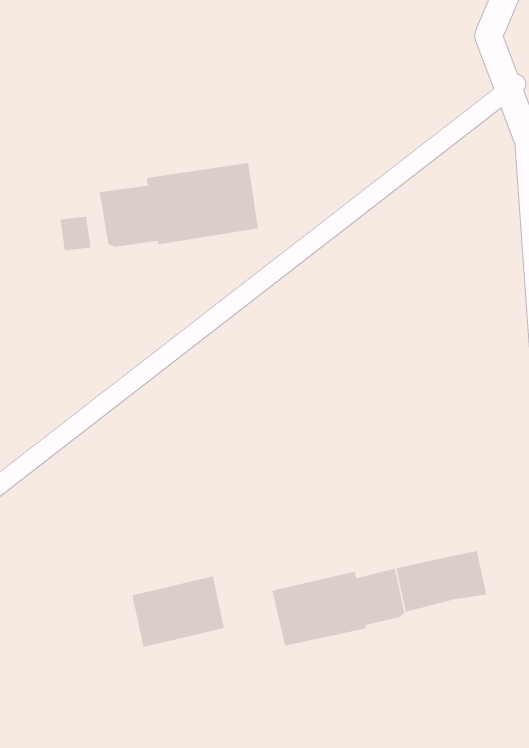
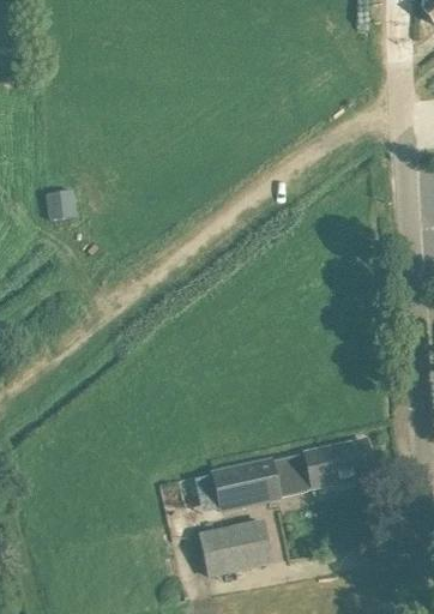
building: [99,162,259,247] -> none
building: [132,575,225,648] -> [200,519,270,573]

